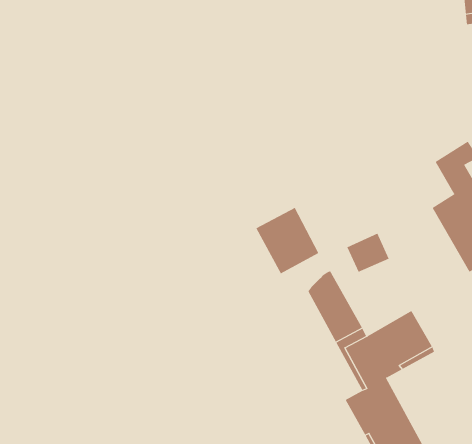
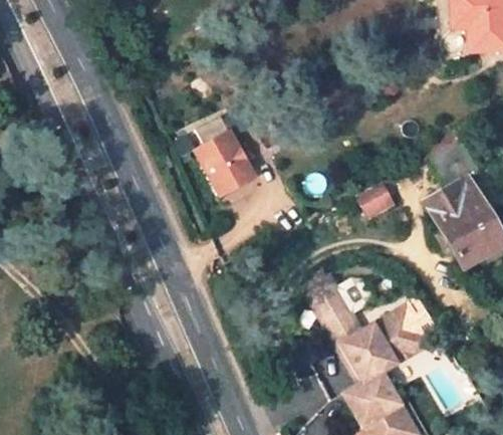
building: [256,207,319,274] -> [191,132,252,196]
building: [347,233,389,272] -> [356,181,398,219]

